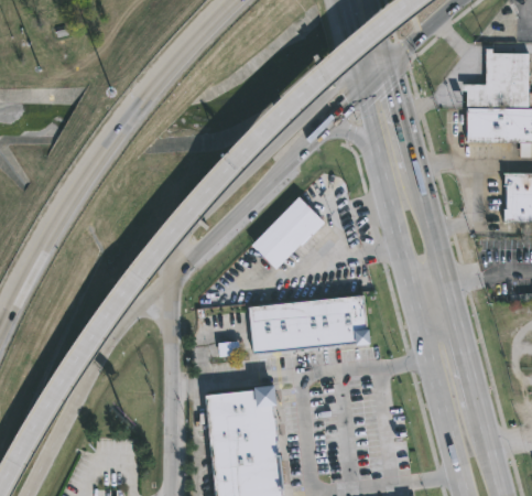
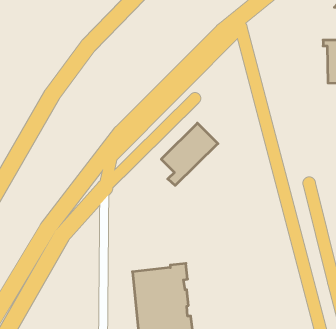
building: [249,294,372,354] -> none

